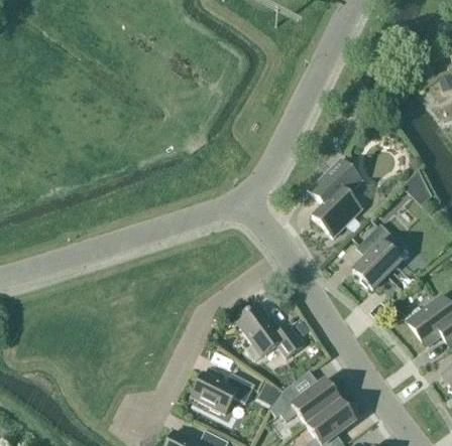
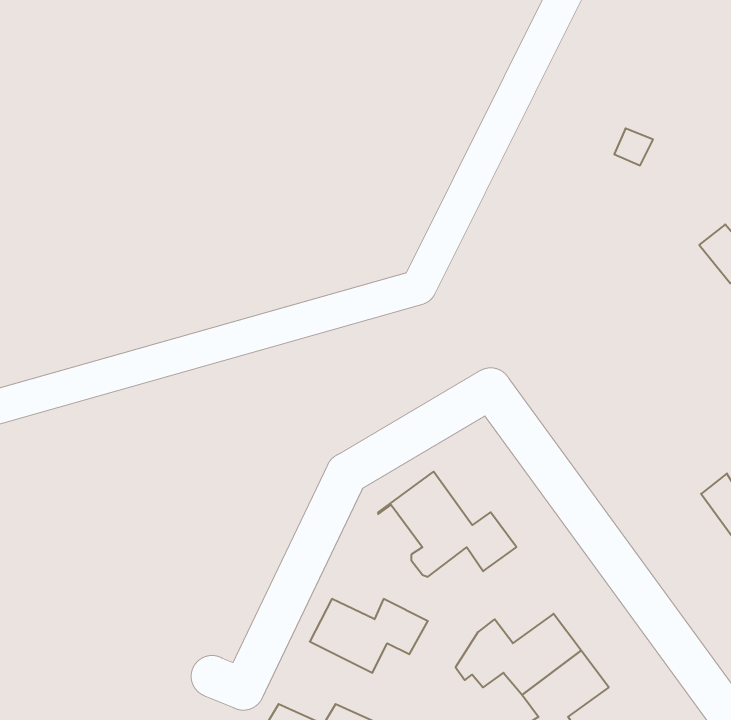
building: [310,158,362,237] -> none
building: [353,222,402,288] -> none

